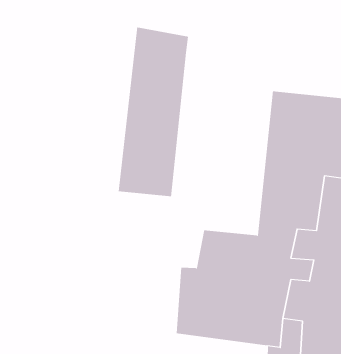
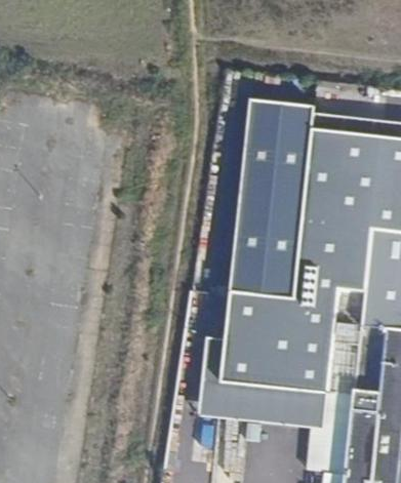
building: [118,27,189,197] -> [238,100,320,297]

